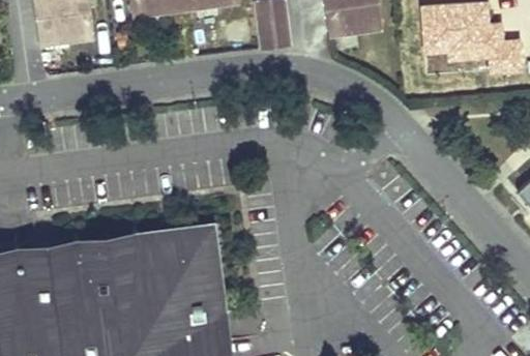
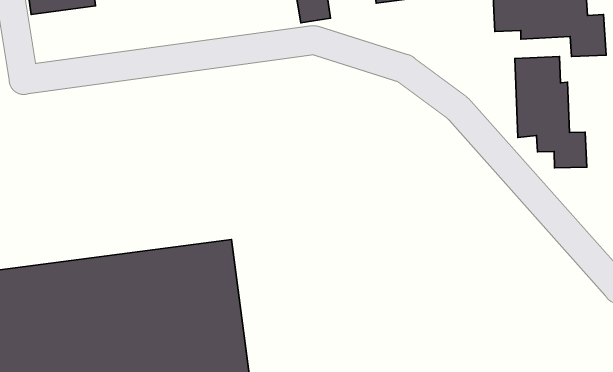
building: none -> [515,57,587,168]

